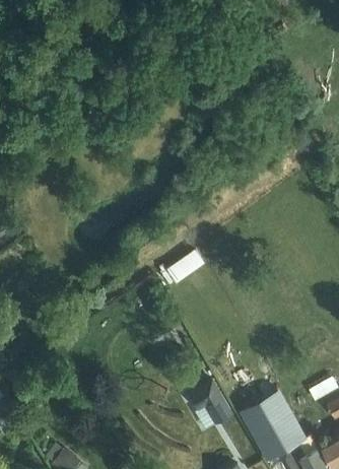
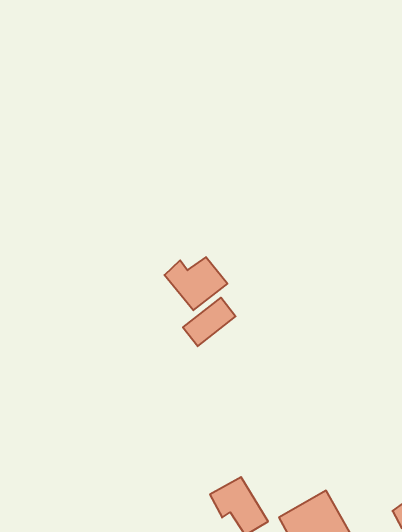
building: none -> [164,257,227,310]

